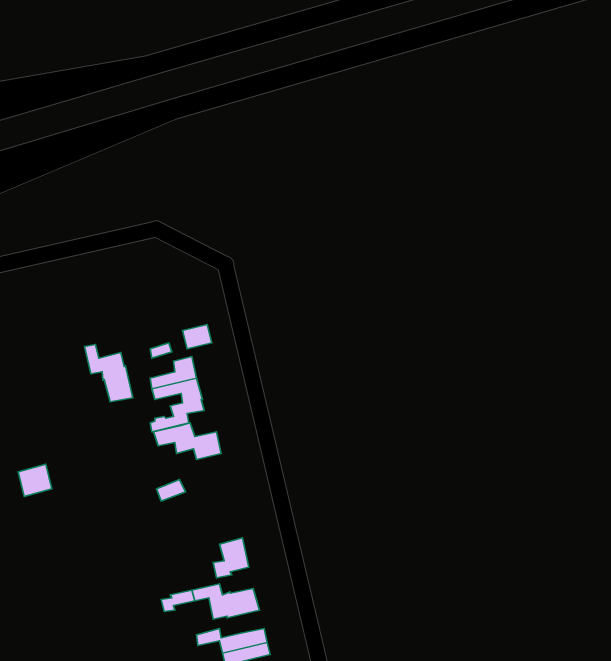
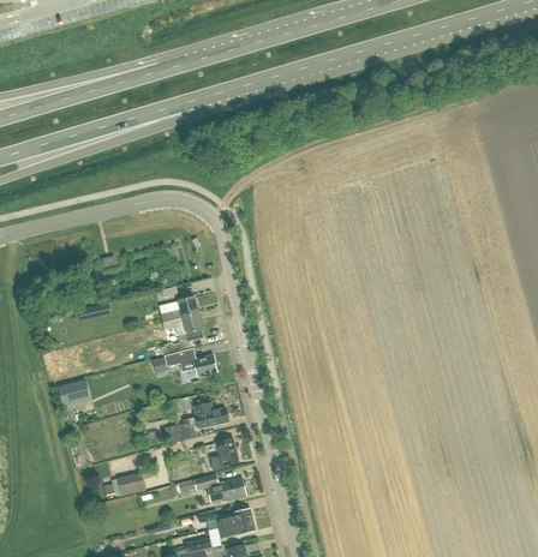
building: [84,344,133,402] -> none
building: none -> [178,405,228,441]
building: none -> [110,472,145,497]

